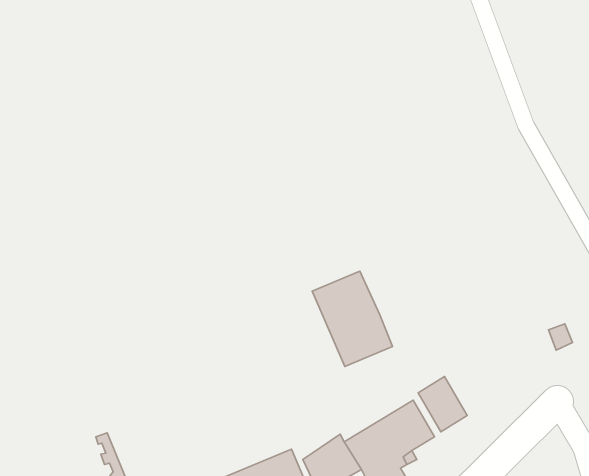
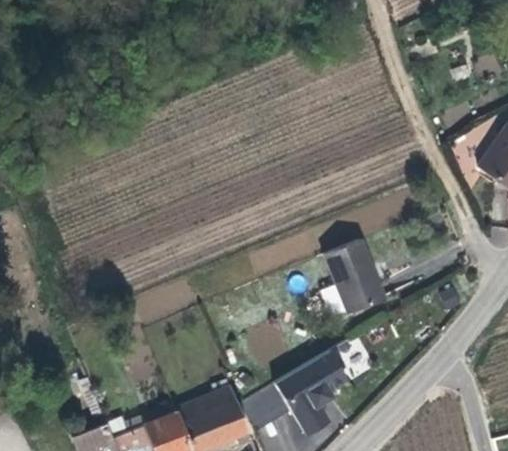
building: [312,271,392,366] -> [321,241,385,317]

